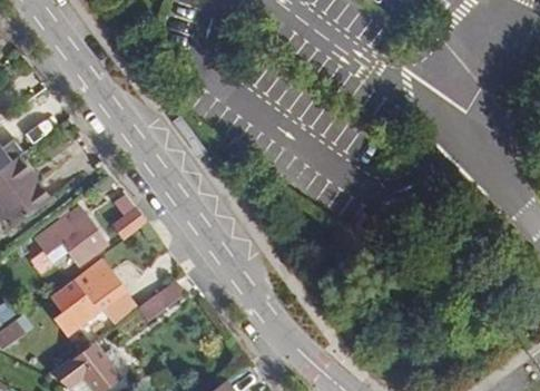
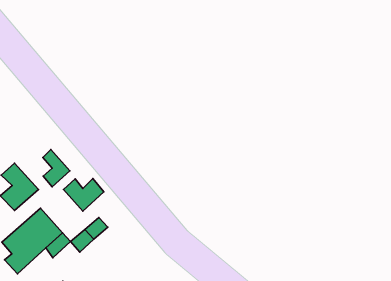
building: none -> [63,178,104,211]

